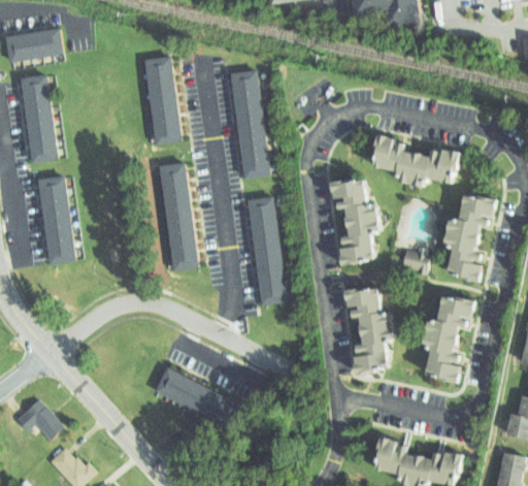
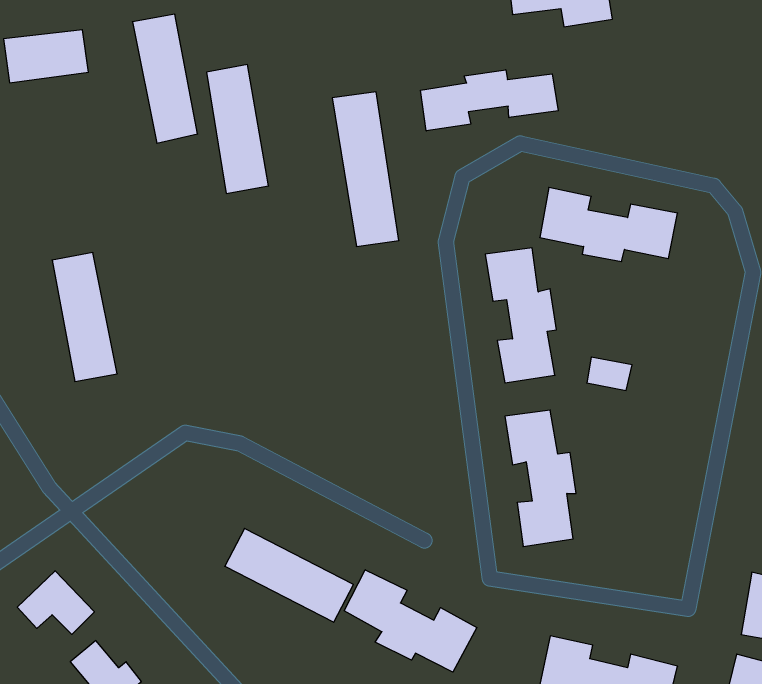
building: none -> [421,70,558,131]
building: [19,76,63,164] -> [132,14,198,143]
building: [156,161,202,267] -> none
building: [443,193,496,287] -> none
building: [242,198,288,304] -> none
building: [426,292,478,386] -> none
building: none -> [344,570,477,672]

